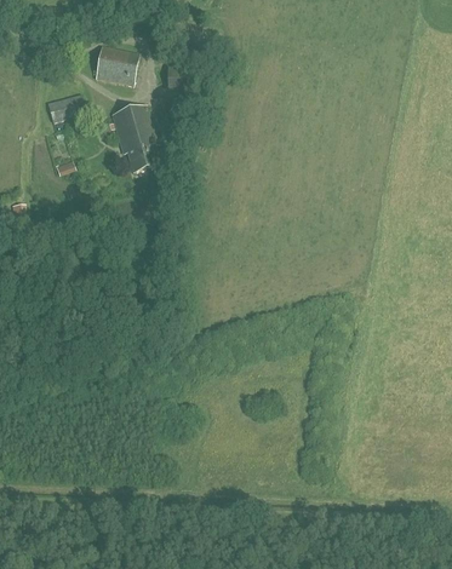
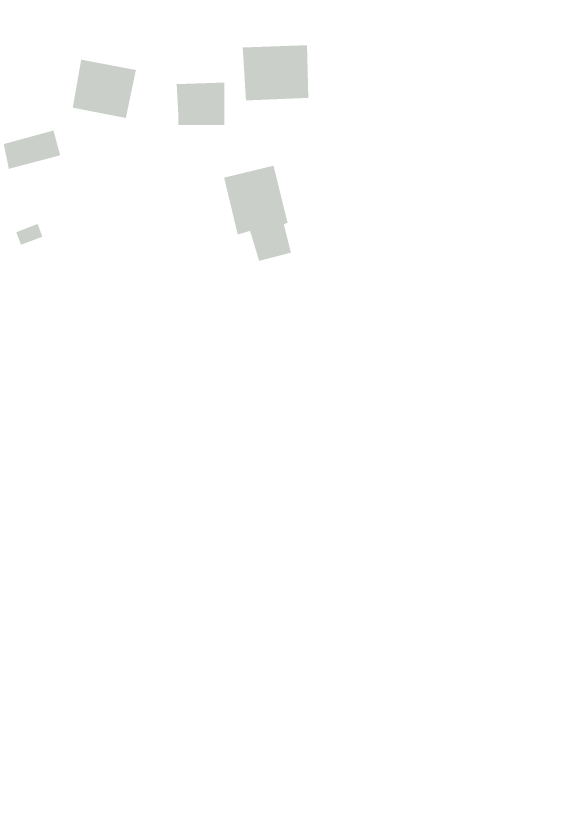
building: none -> [242,44,309,101]
building: [110,103,158,169] -> [223,165,292,262]

